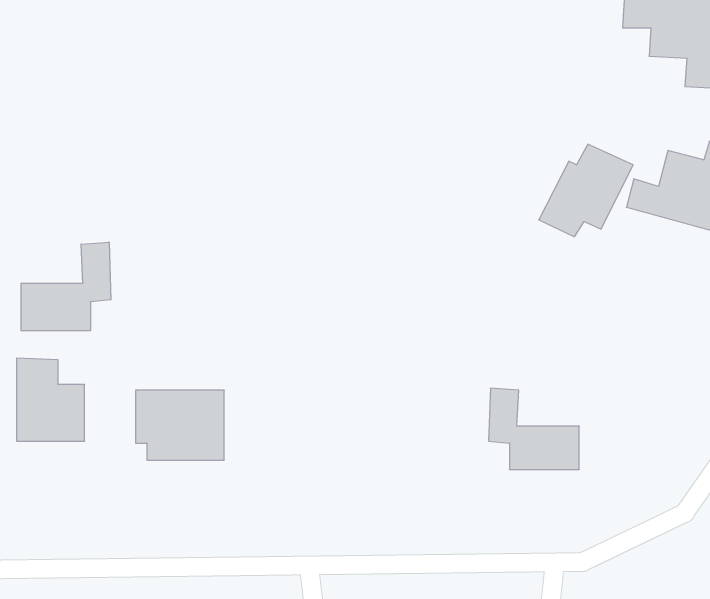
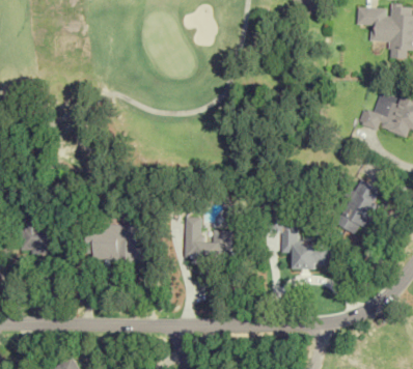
building: [539,144,633,237] -> [332,180,384,231]
building: [21,242,111,331] -> none
building: none -> [185,218,227,264]

